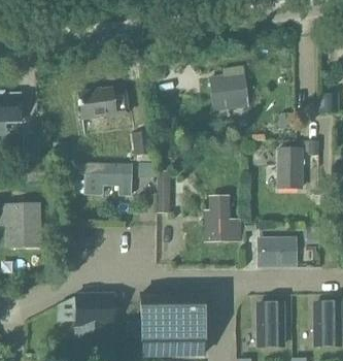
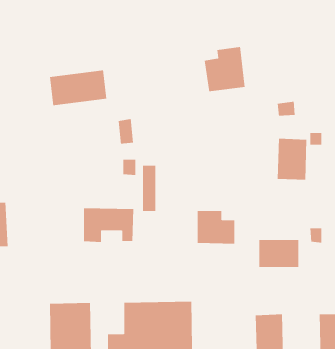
building: [84,163,130,194] -> [83,208,134,243]

